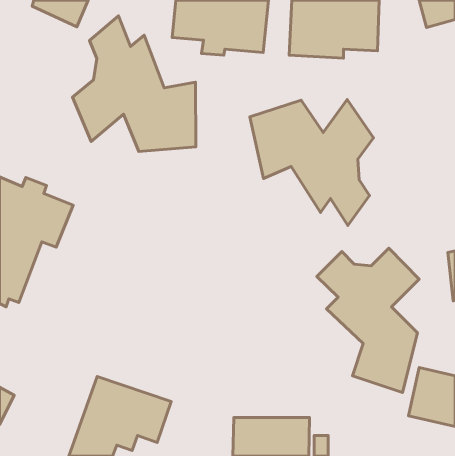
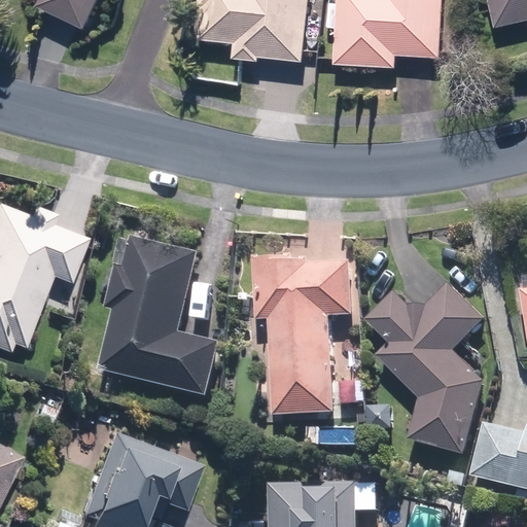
building: [73,16,196,152] -> none
building: [250,100,373,225] -> none
building: none -> [98,239,214,392]
building: none -> [252,260,348,417]

